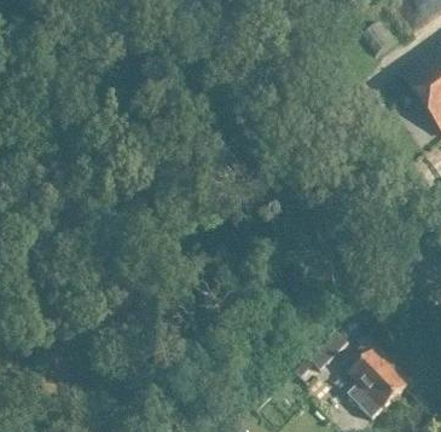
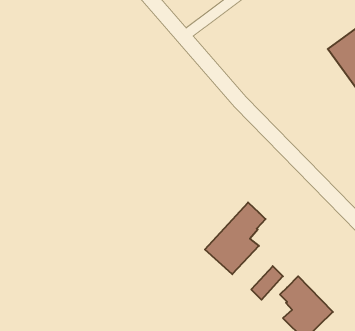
building: none -> [205,202,266,274]

